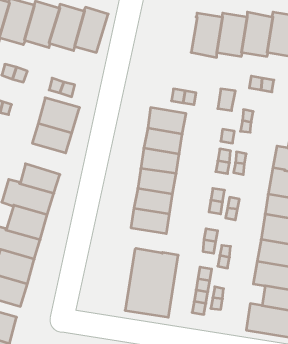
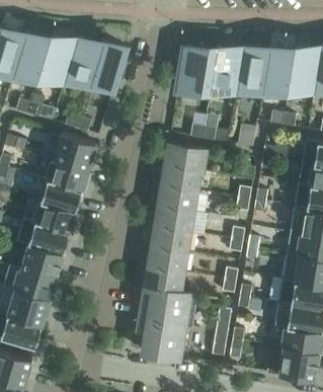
building: none -> [177,46,216,92]
building: none -> [39,180,81,213]
building: none -> [145,267,184,294]

